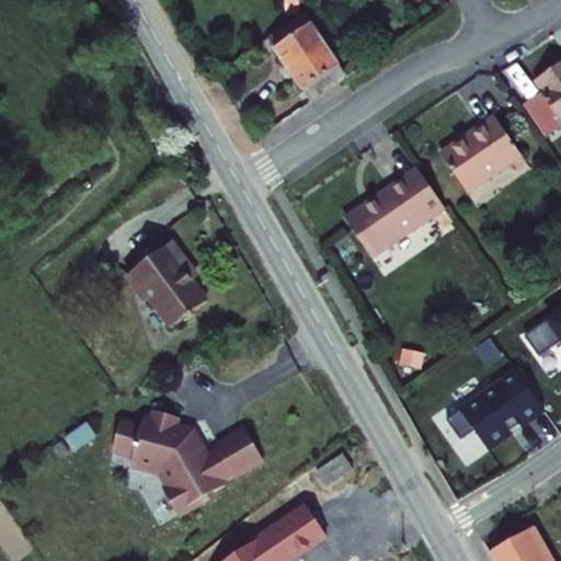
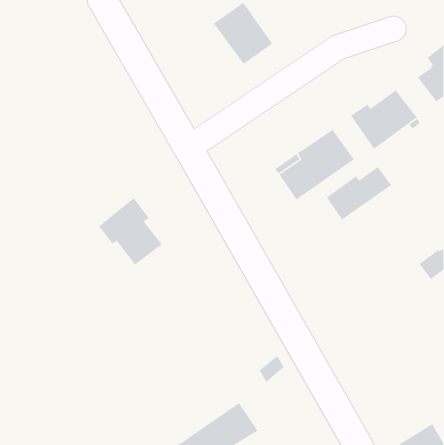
building: none -> [326,166,392,220]
building: [448,367,546,448] -> none
building: [110,414,260,517] -> none

